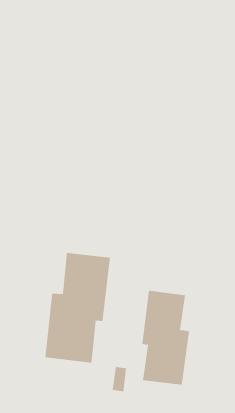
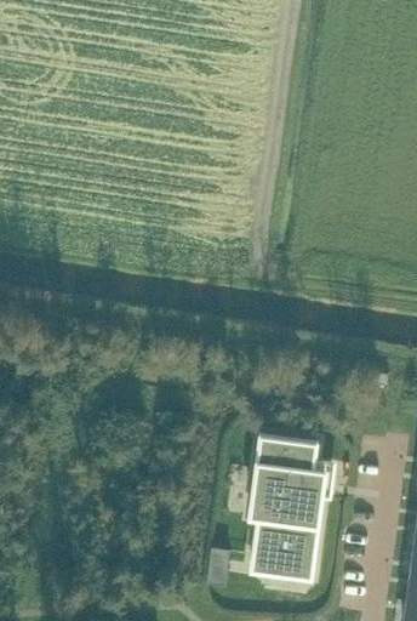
building: [45,252,111,363] -> none

